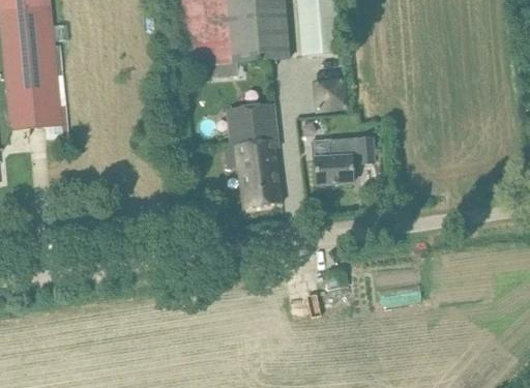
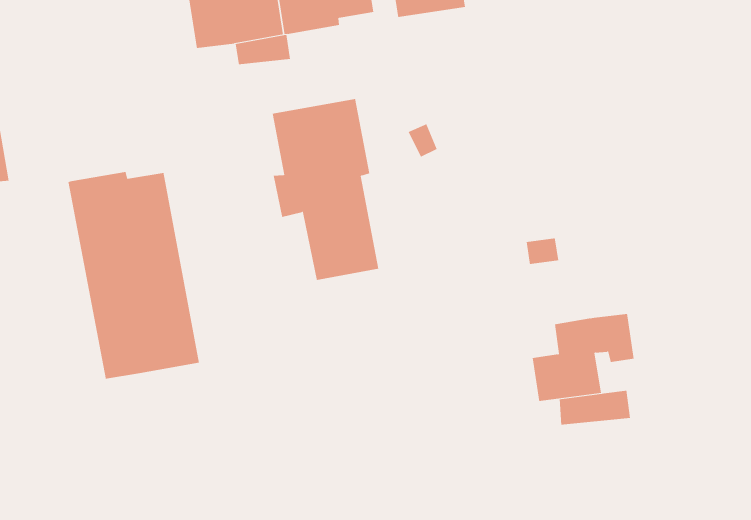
building: [315,78,345,109] -> none
building: none -> [68,171,200,380]
building: [314,135,374,182] -> [532,313,635,401]

